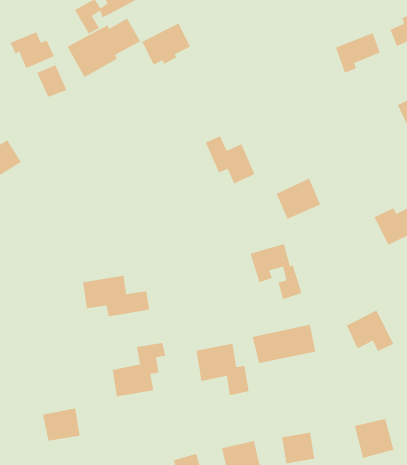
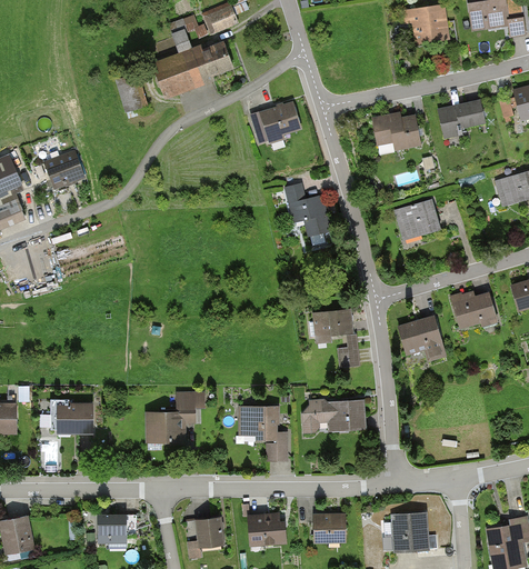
building: [141,23,191,66] -> [249,101,301,143]
building: [10,31,55,69] -> none
building: none -> [372,112,420,151]
building: [275,177,321,220] -> [393,199,440,240]
building: [82,275,150,317] -> none
building: [346,309,394,352] -> [398,315,446,360]
building: [42,408,81,442] -> [56,402,92,433]

